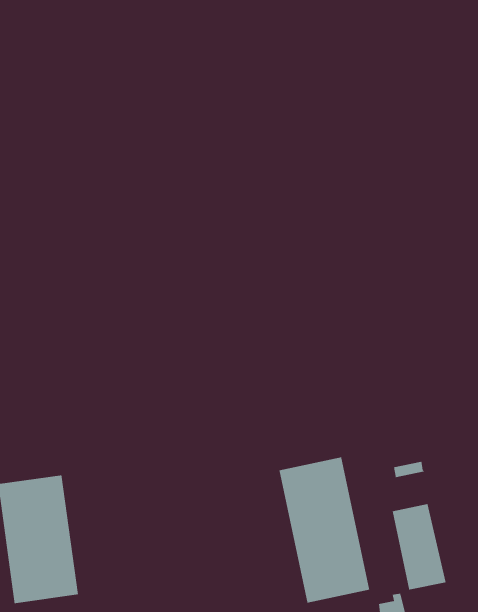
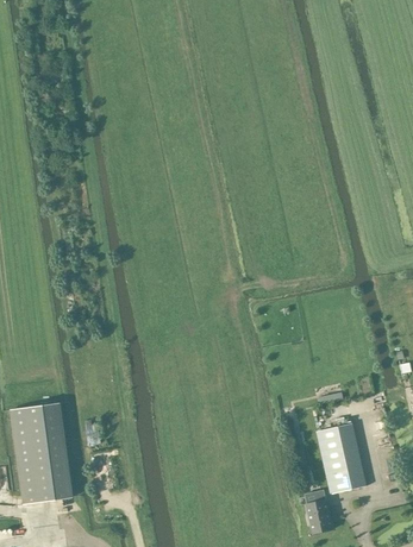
building: [279,457,370,604] -> none

